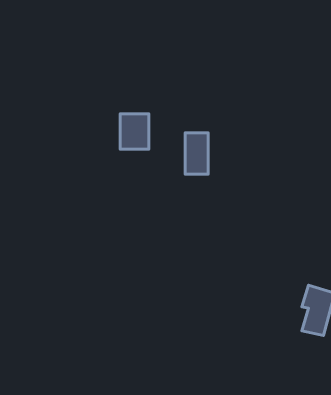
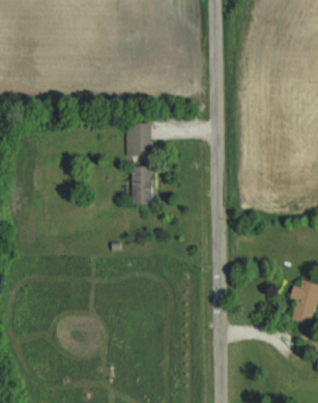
building: [185,133,208,174] -> [132,167,152,204]

